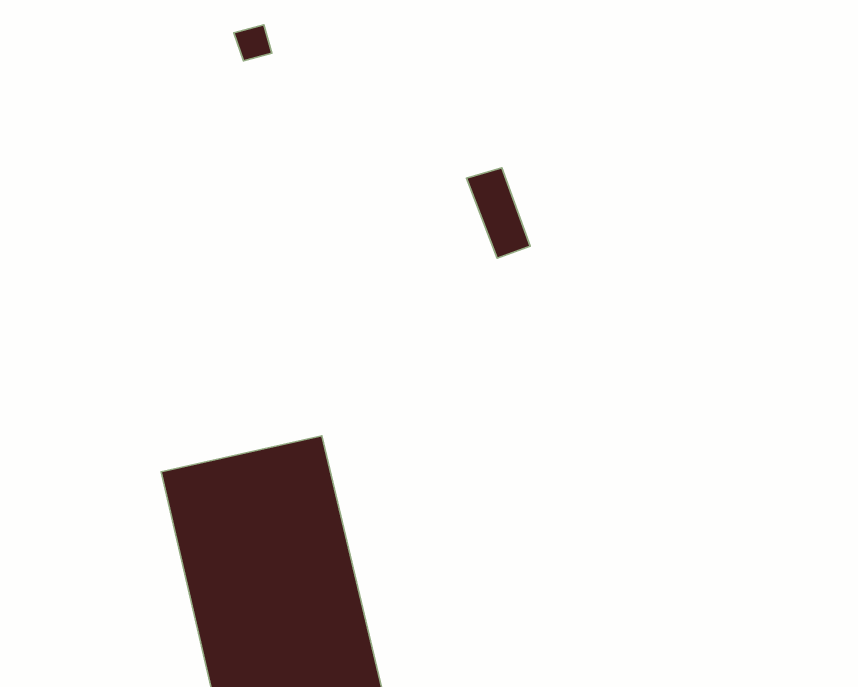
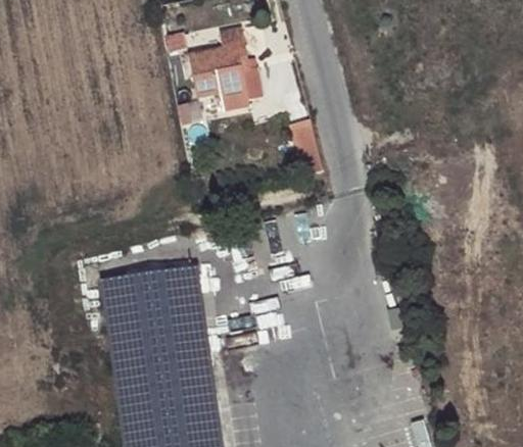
building: none -> [188,27,250,108]

